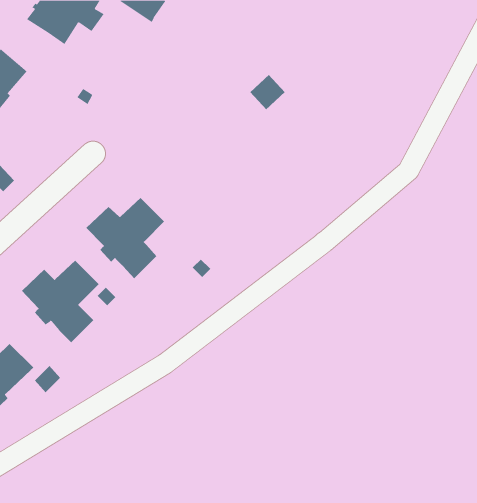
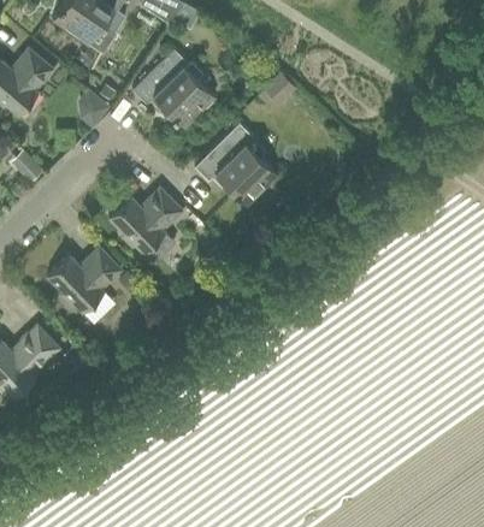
building: none -> [132,48,214,126]
building: none -> [78,88,110,128]
building: none -> [195,123,277,205]

